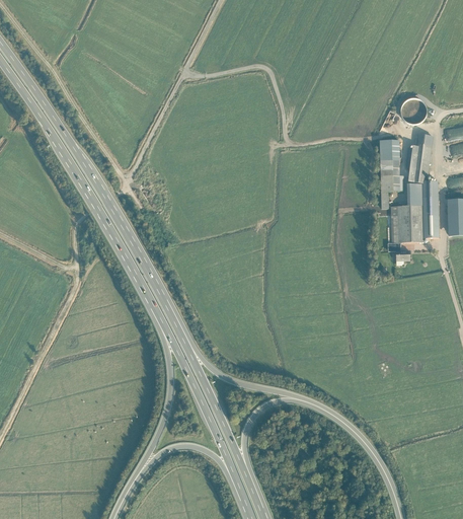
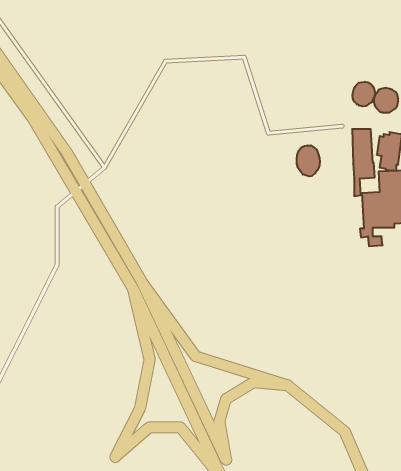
building: none -> [353,82,375,106]
building: none -> [297,145,320,176]

